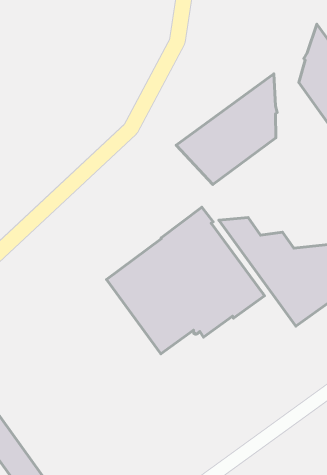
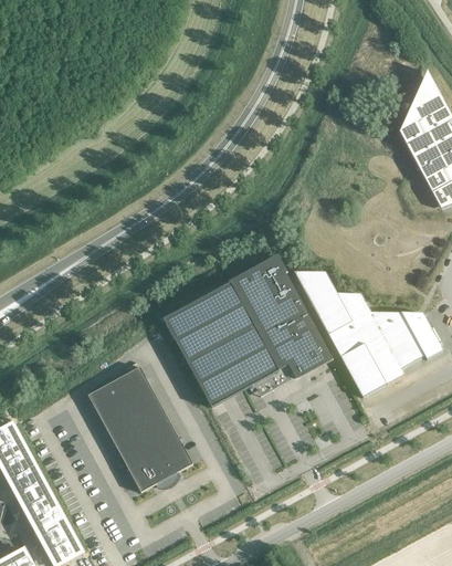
building: [176,74,277,185] -> none
building: none -> [87,366,192,491]

